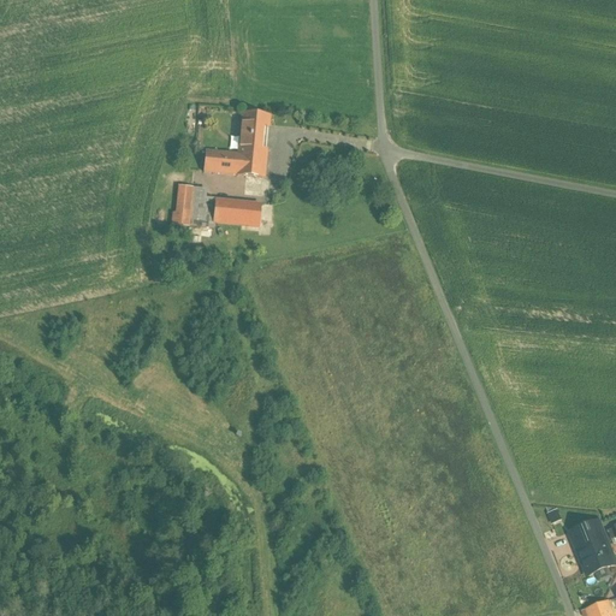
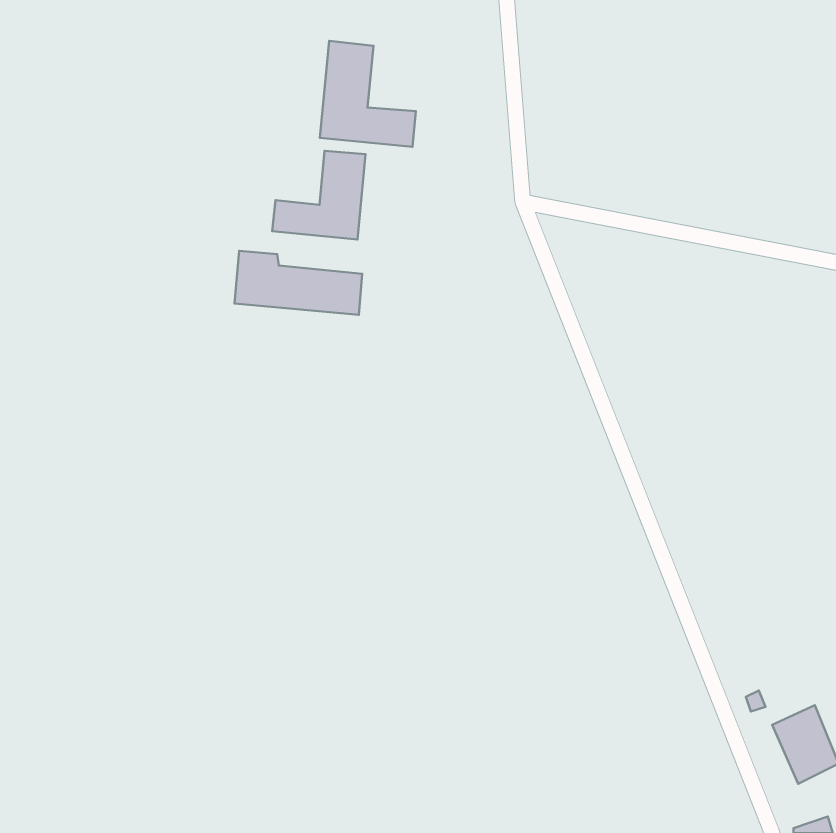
building: none -> [320,41,416,147]

